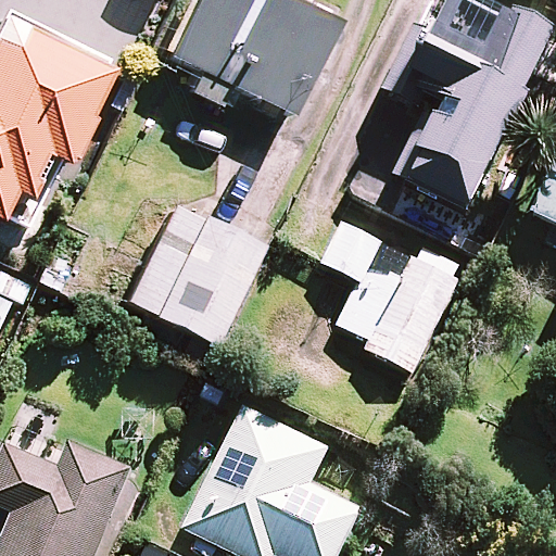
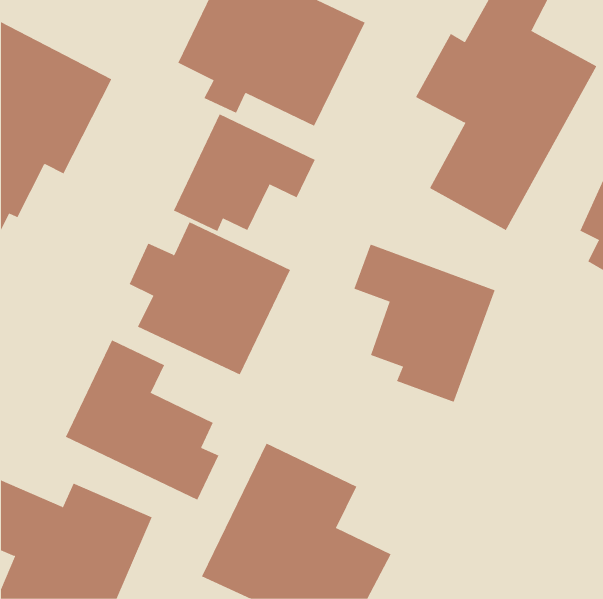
building: none -> [173,114,315,232]
building: none -> [65,340,219,500]

